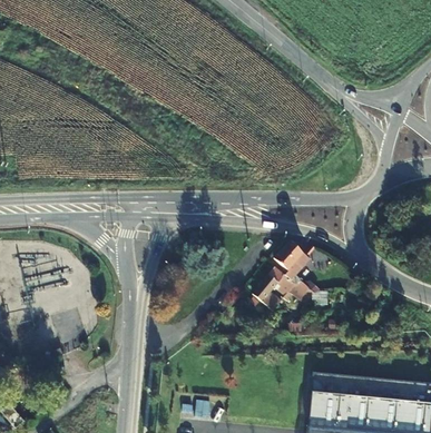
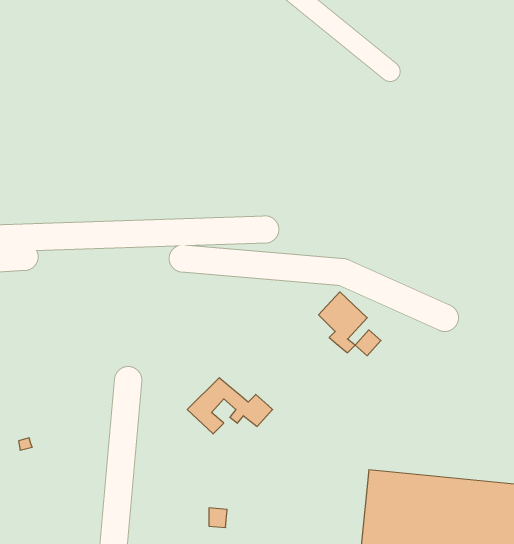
building: [254,269,316,311] -> [187,378,273,434]

